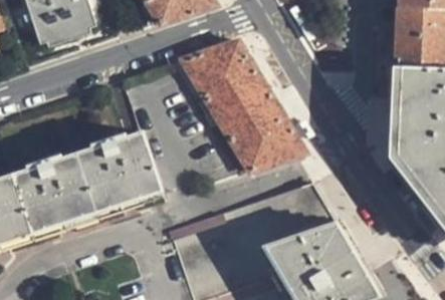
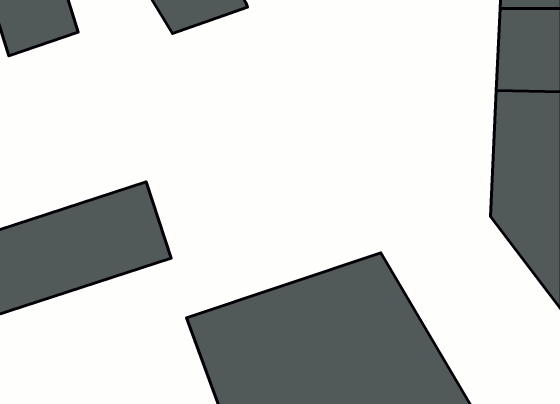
building: [183,40,308,172] -> none

